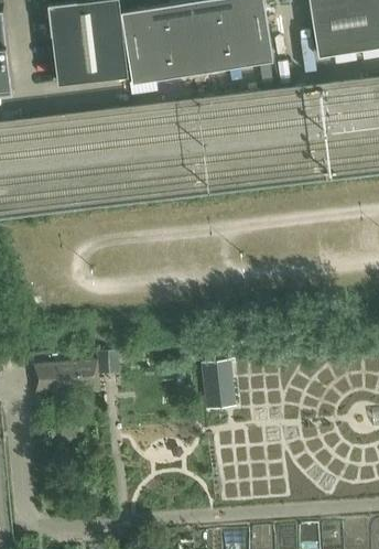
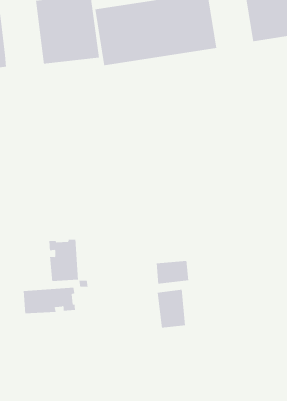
building: none -> [49,239,79,282]
building: none -> [156,260,189,285]

